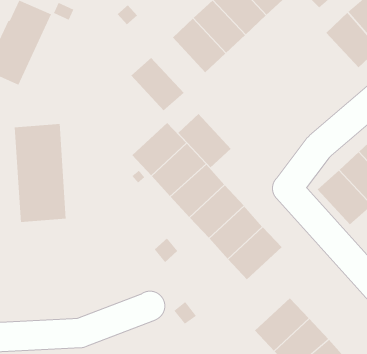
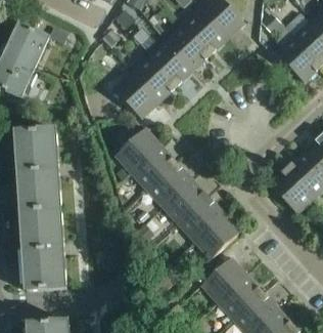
building: [178,113,232,168] -> [131,56,176,102]
building: none -> [21,208,65,290]
building: none -> [201,257,246,301]

